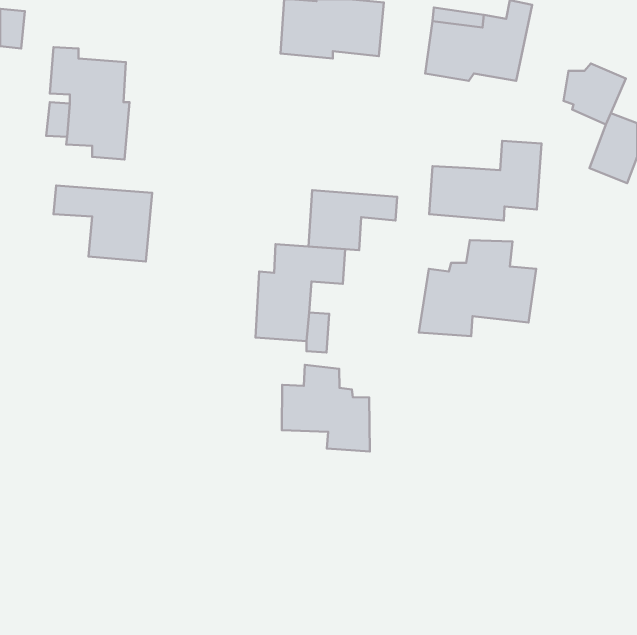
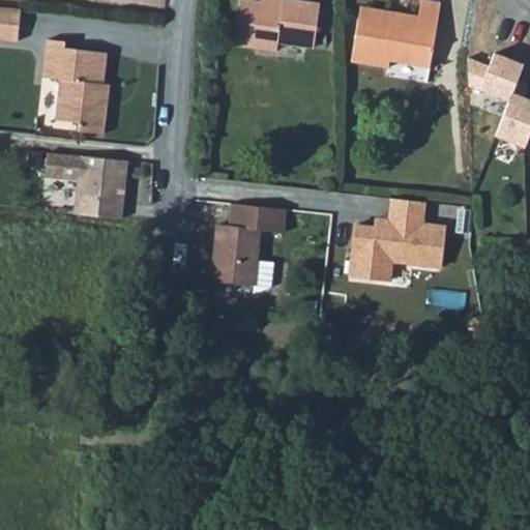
building: [429,141,541,220] -> none
building: [308,190,397,250] -> none
building: [282,365,370,451] -> none

